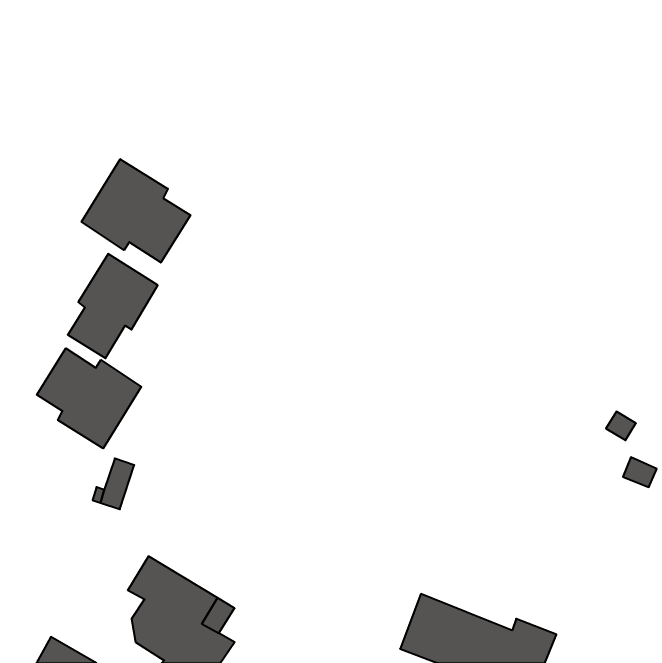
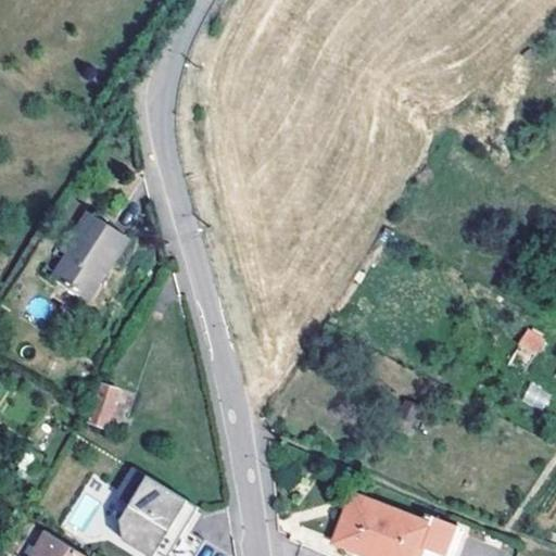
building: [82,159,190,263] -> none
building: [37,348,141,448] -> none

